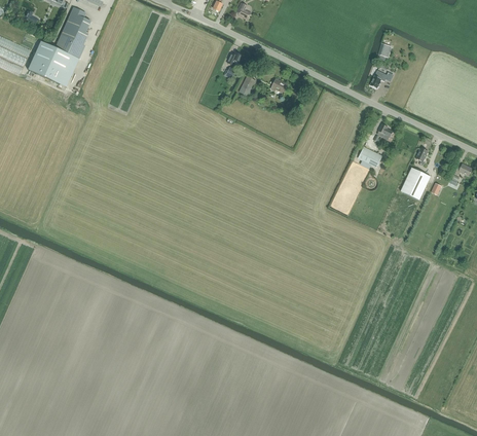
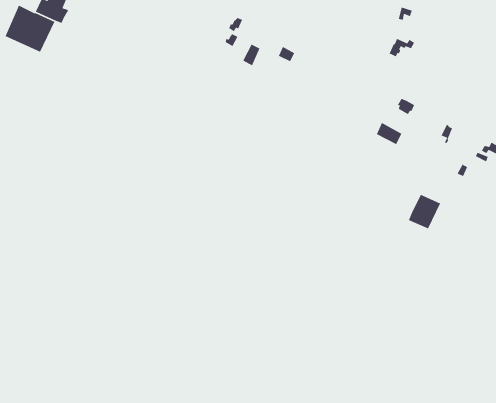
building: [401,167,431,198] -> [408,194,441,230]

